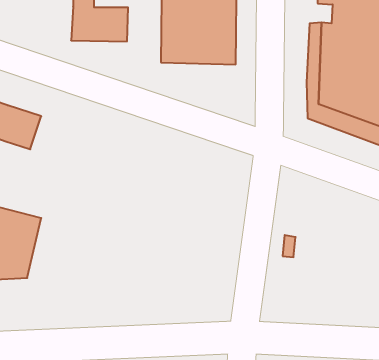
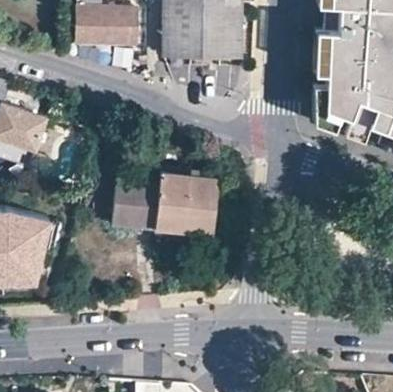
building: none -> [112,174,217,234]

